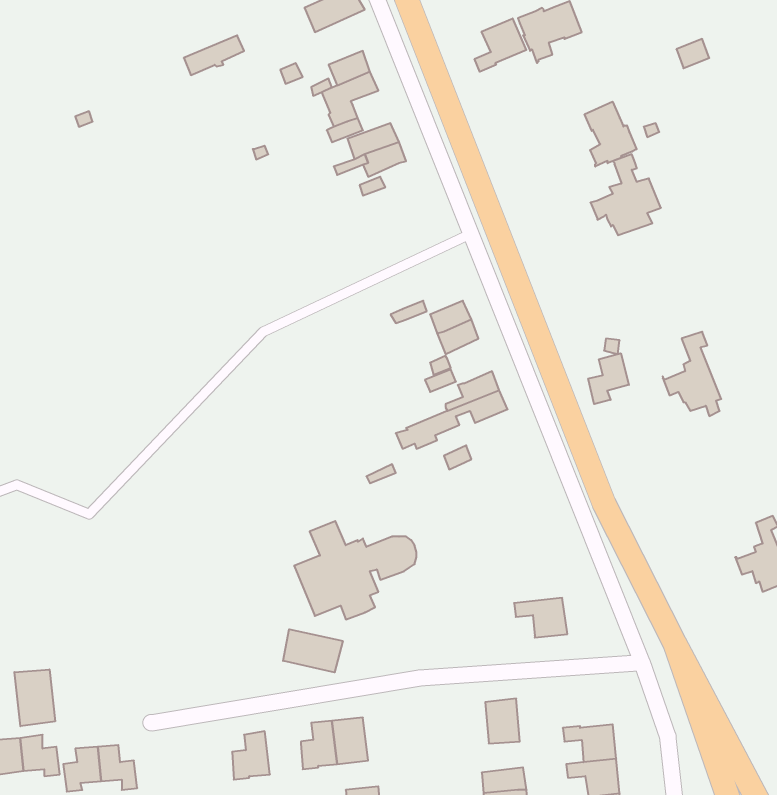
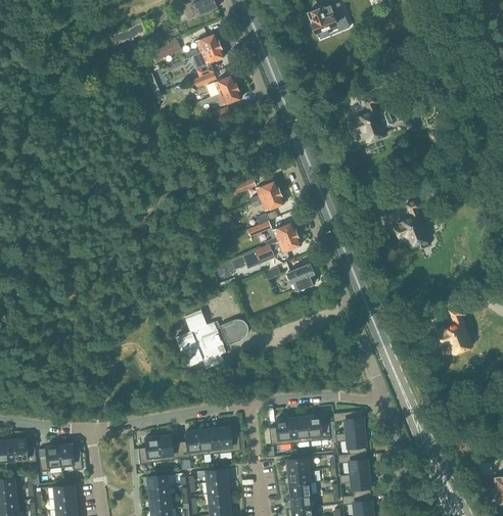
building: [475,18,526,72] -> none
building: [585,102,637,167] -> none
building: [588,353,629,404] -> none
building: none -> [287,264,314,290]
building: [514,598,567,638] -> [332,410,364,433]
building: [283,629,343,672] -> none
building: [14,669,55,726] -> none
building: none -> [307,414,330,441]
building: none -> [268,418,290,445]
building: none -> [216,426,239,453]
building: none -> [157,434,180,461]

